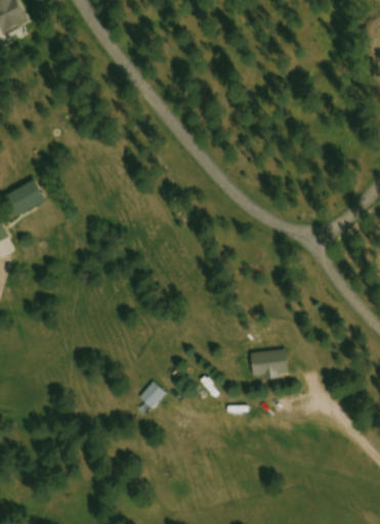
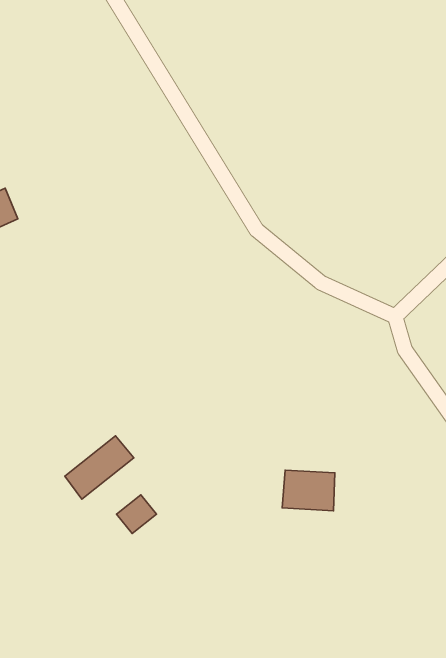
building: none -> [65,436,134,499]

